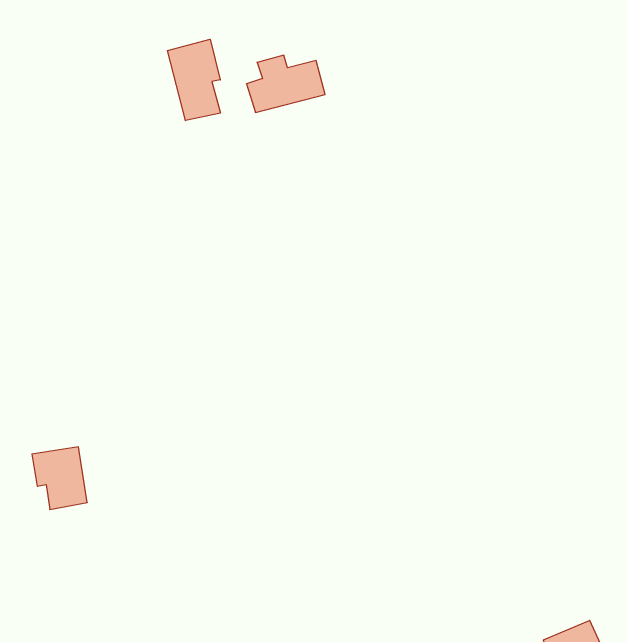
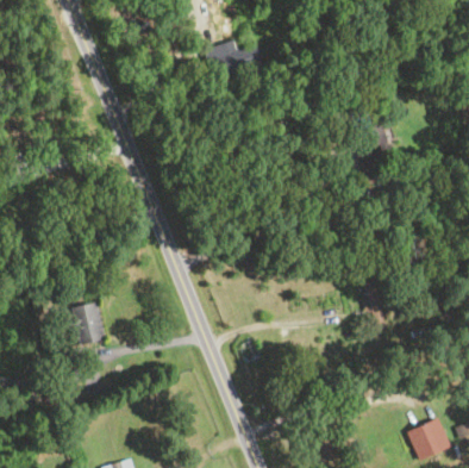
building: [168,39,220,121] -> none

